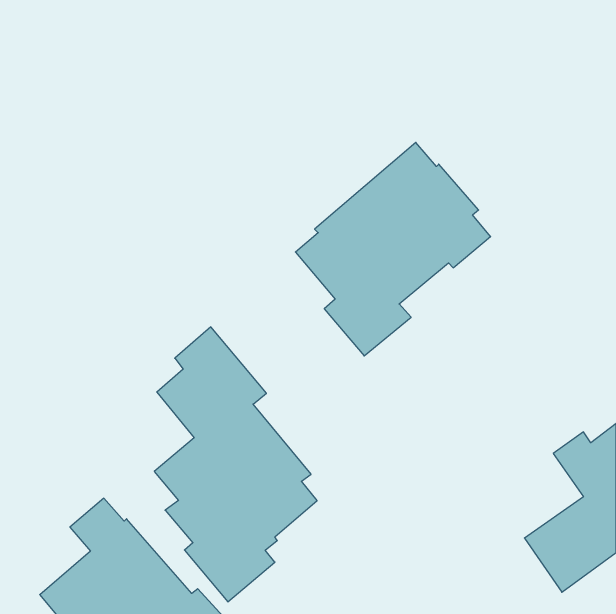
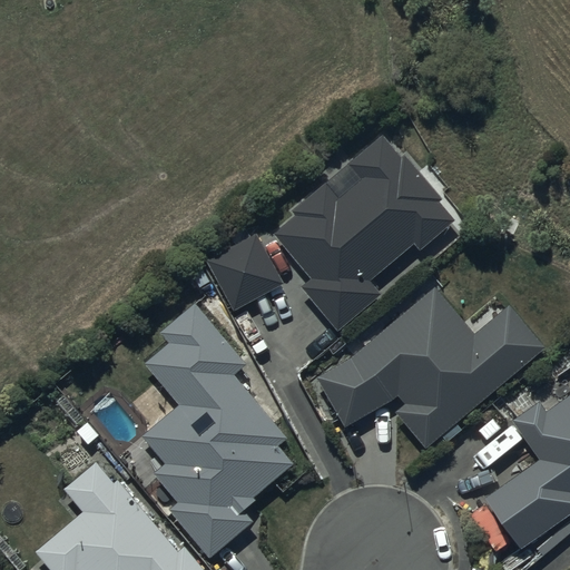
building: none -> [207,234,283,308]
building: none -> [315,272,544,448]

